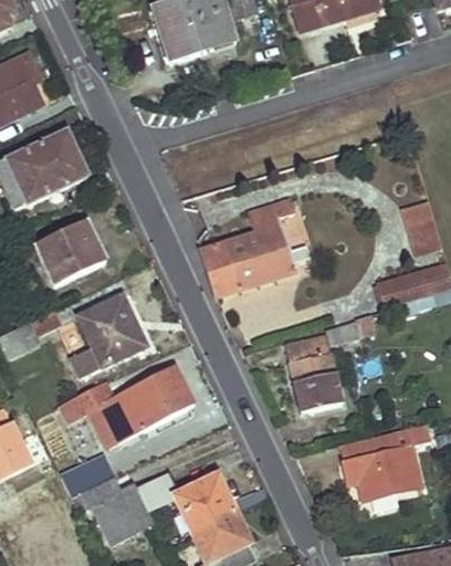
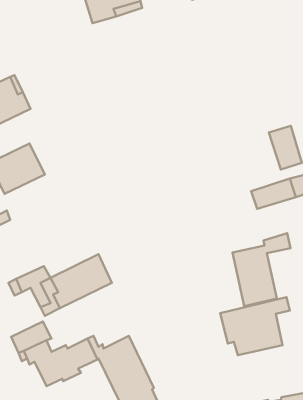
building: [199,198,295,297] -> none
building: [73,294,146,374] -> none
building: [283,316,359,412] -> [232,233,290,306]

